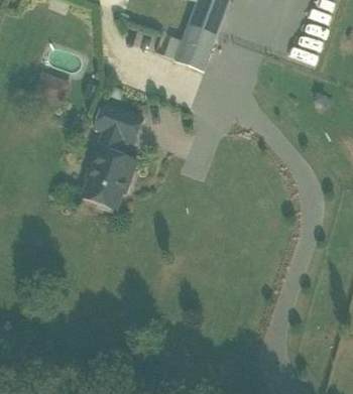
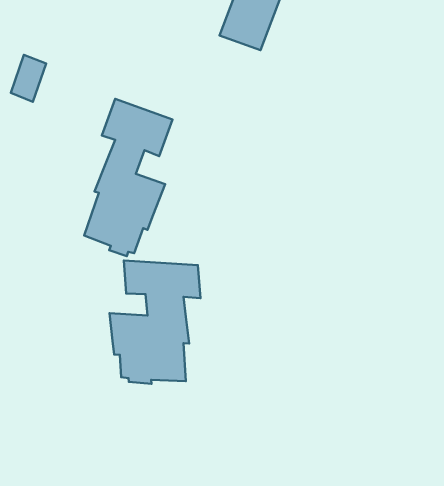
building: none -> [110,261,200,384]

